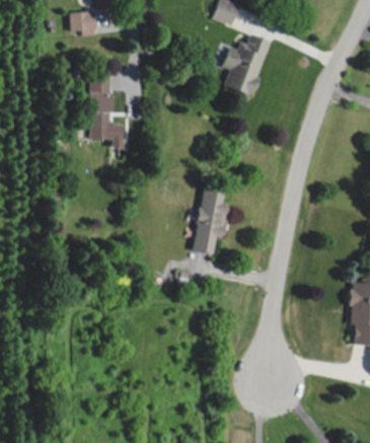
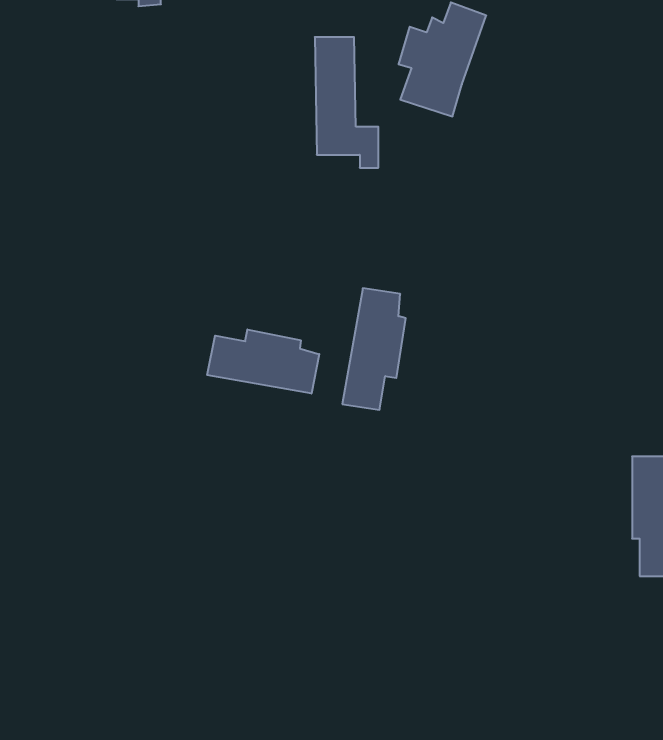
building: [89,76,124,147] -> [315,37,378,168]
building: none -> [207,329,319,394]

